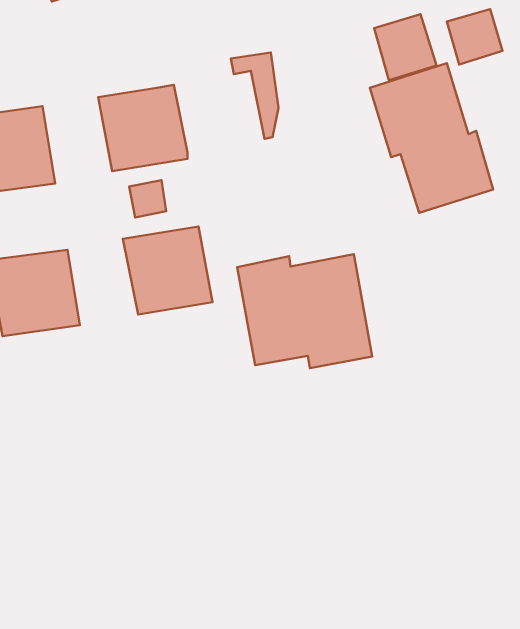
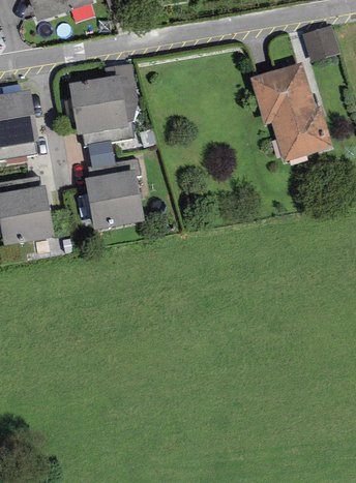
building: [374,14,436,80] -> none
building: [231,52,279,139] -> [105,63,137,121]
building: [237,254,372,368] -> none

